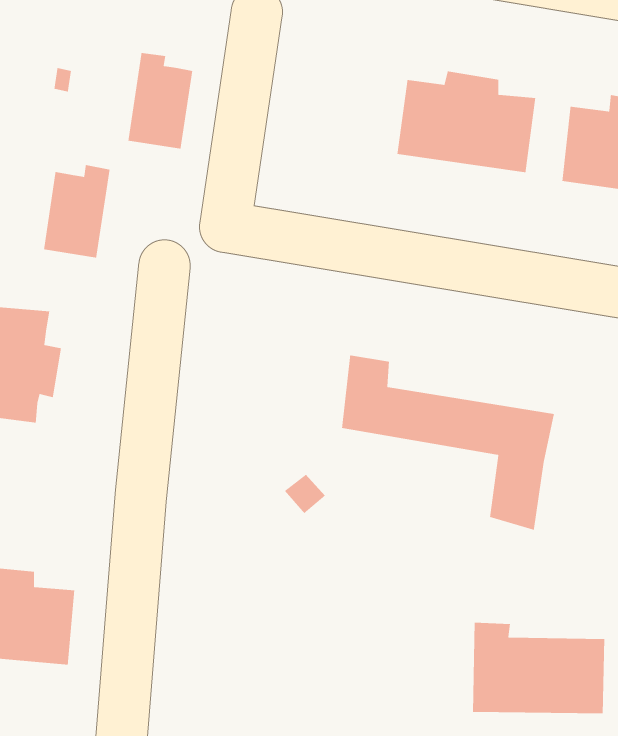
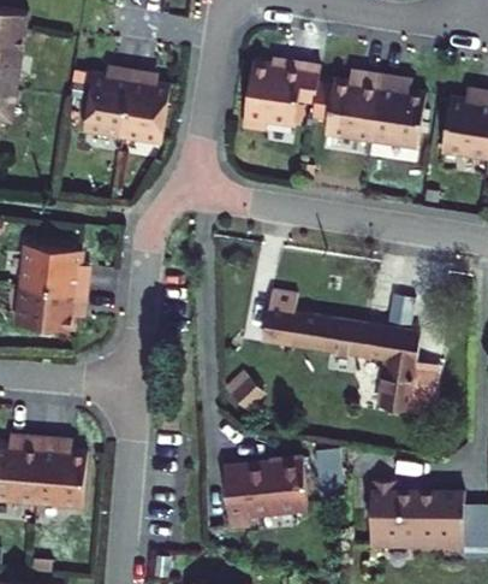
building: none -> [233,70,309,138]
building: [43,164,110,258] -> [87,66,135,134]
building: none -> [224,454,308,524]

